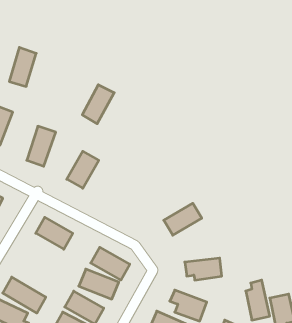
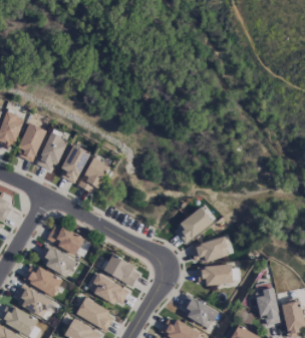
building: [9,47,36,86] -> [17,122,44,161]
building: [82,85,114,124] -> [58,144,90,184]
building: none -> [190,238,228,262]
building: none -> [37,244,76,275]
building: none -> [27,265,62,296]

